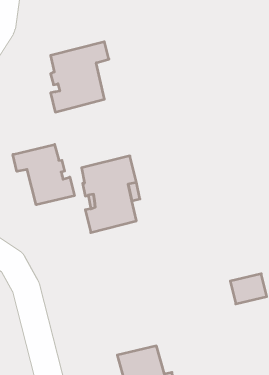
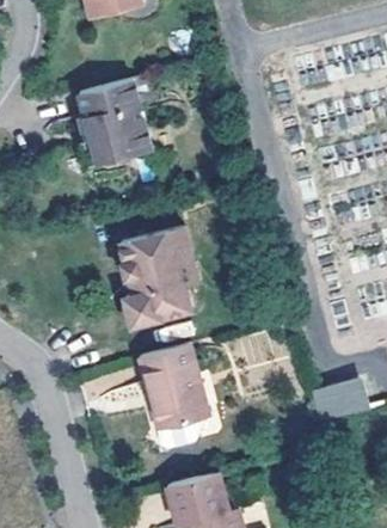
building: [13,144,74,205] -> none
building: none -> [136,343,207,446]

